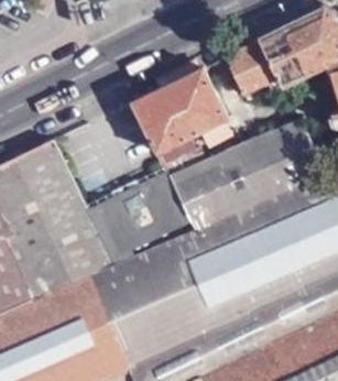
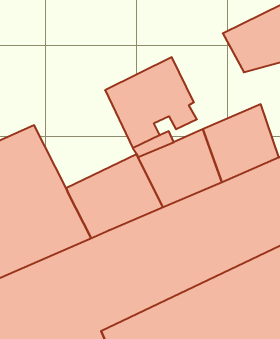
building: [222,39,282,90] -> none

